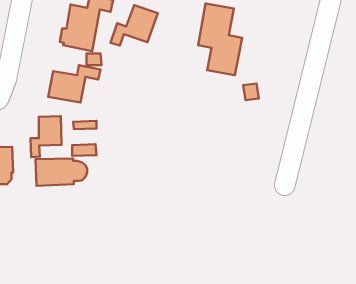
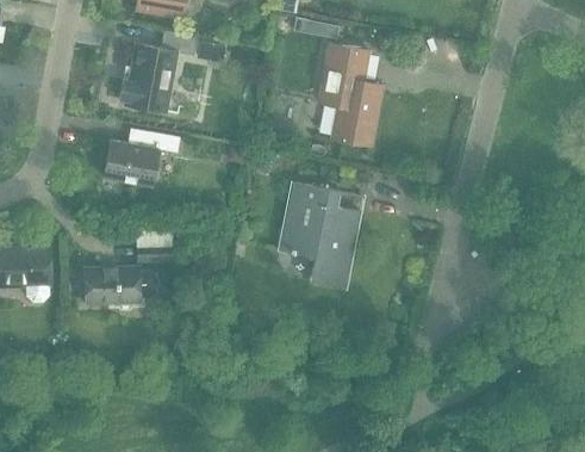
building: [110,5,158,46] -> none
building: none -> [279,182,361,290]
building: [30,116,61,157] -> none

